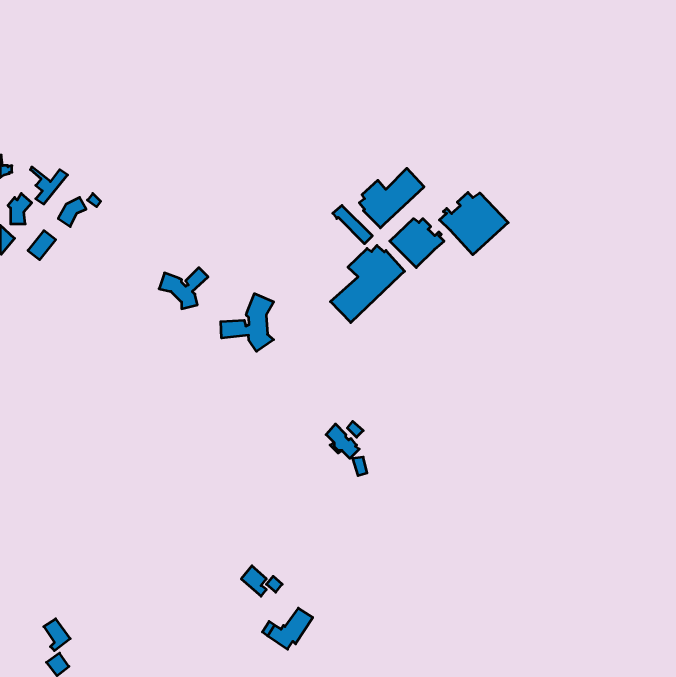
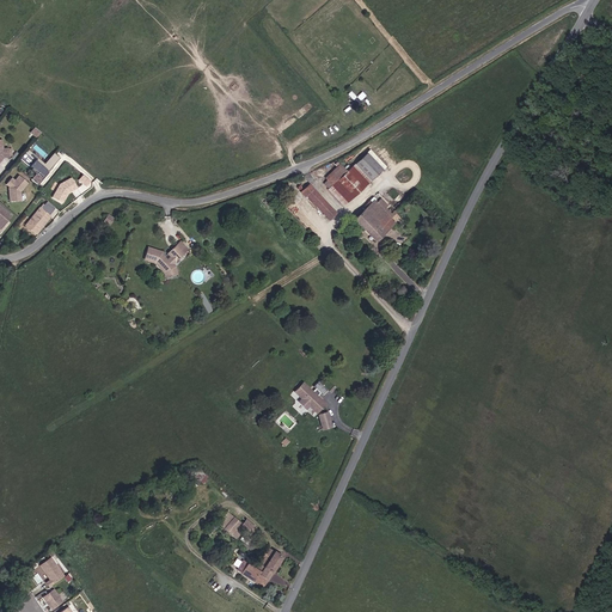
building: [439,192,508,255] -> none
building: [330,245,405,323] -> none
building: [221,294,274,351] -> none

